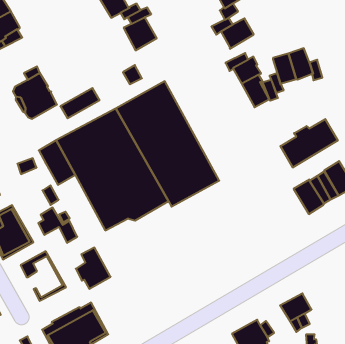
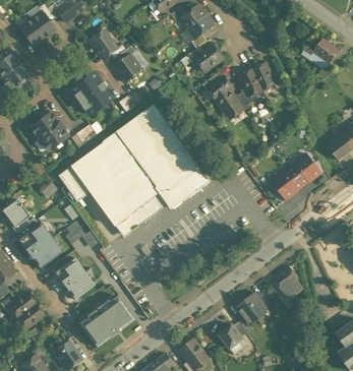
building: none -> [71,72,112,115]
building: [280,119,338,168] -> none
building: [76,248,111,289] -> [62,261,92,296]

